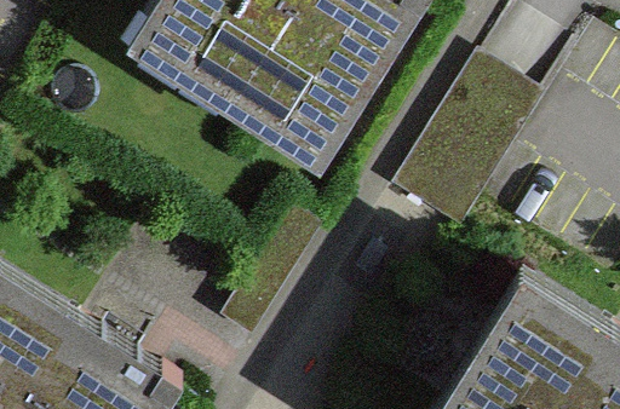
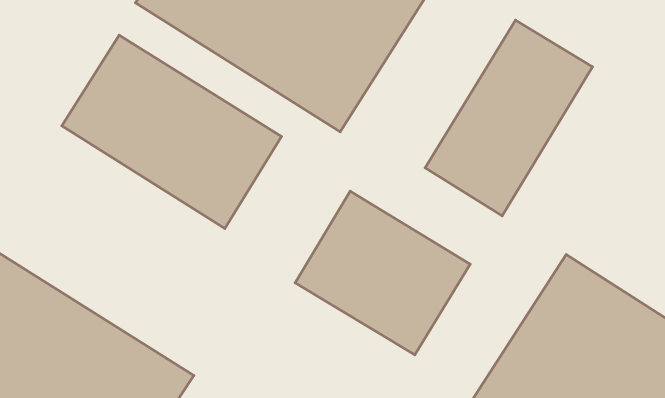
building: none -> [62,35,281,229]
building: none -> [295,191,470,355]

